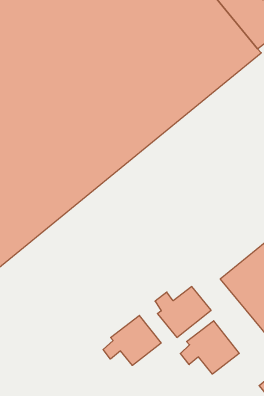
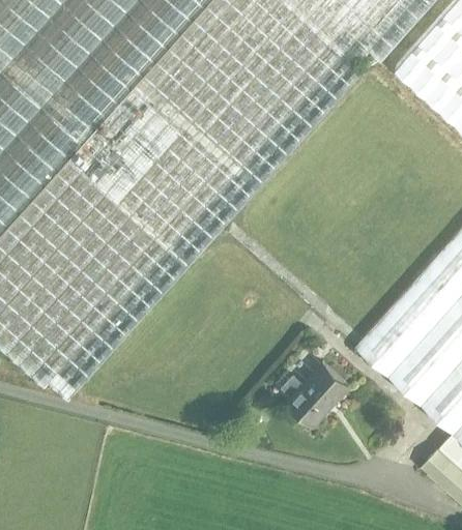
building: [103,315,161,365] -> none
building: [180,321,239,374] -> none

